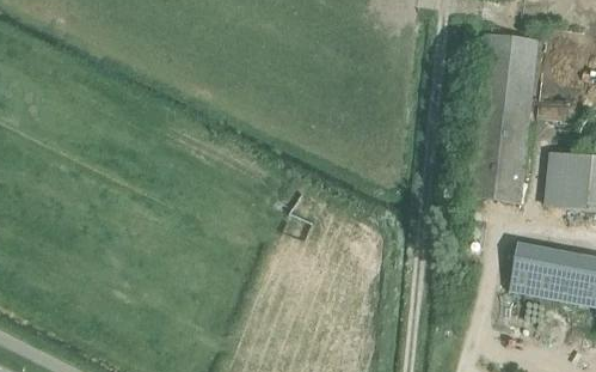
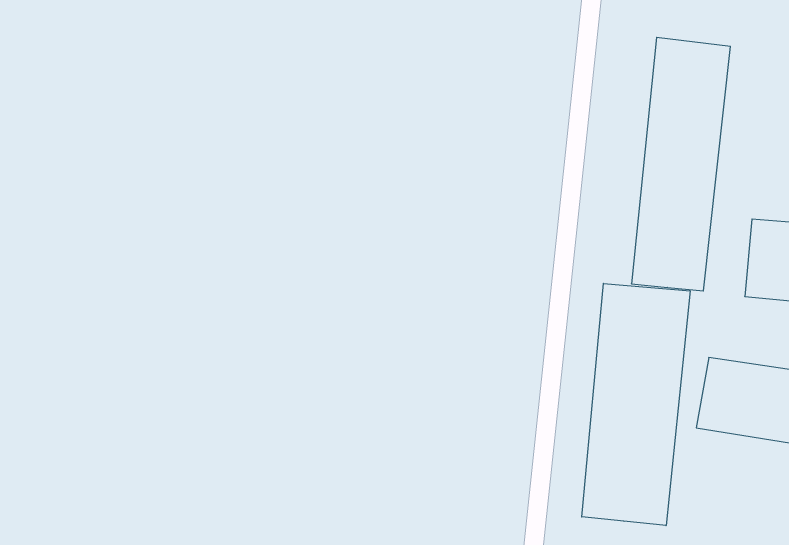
building: none -> [582,283,690,526]

